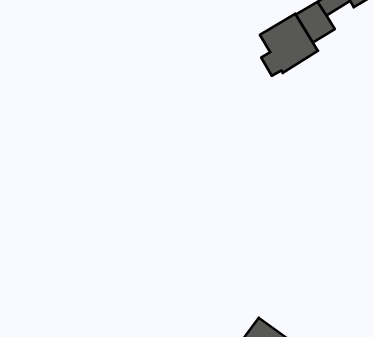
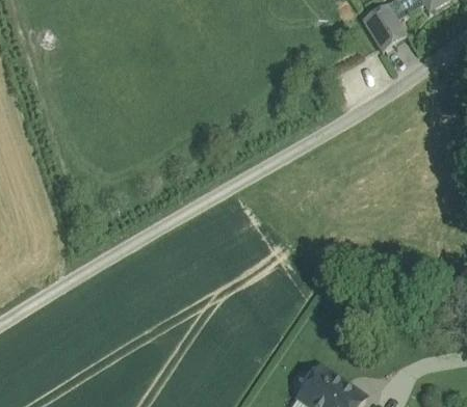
building: [260,14,318,76] -> none

